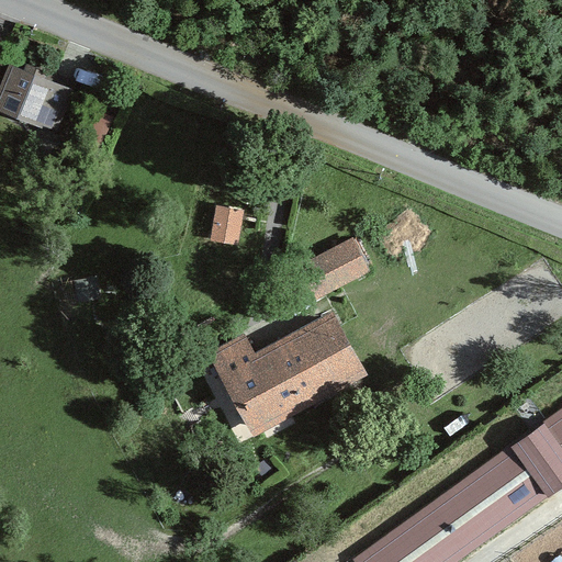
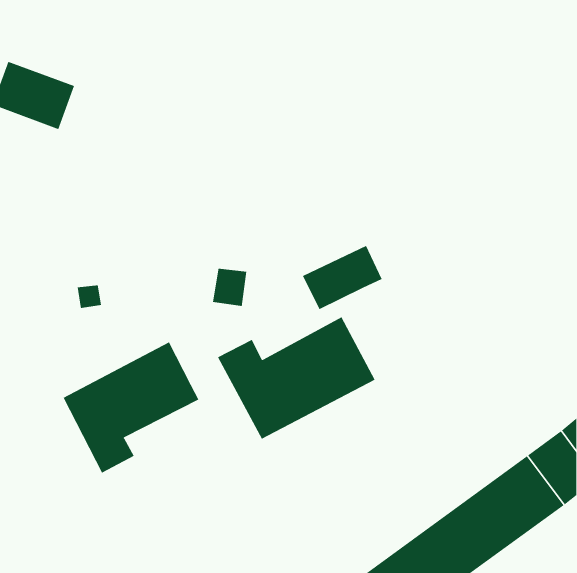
building: [207,207,241,245] -> [212,268,247,307]
building: none -> [63,342,199,473]

